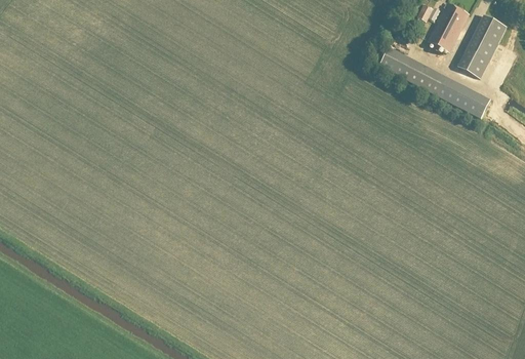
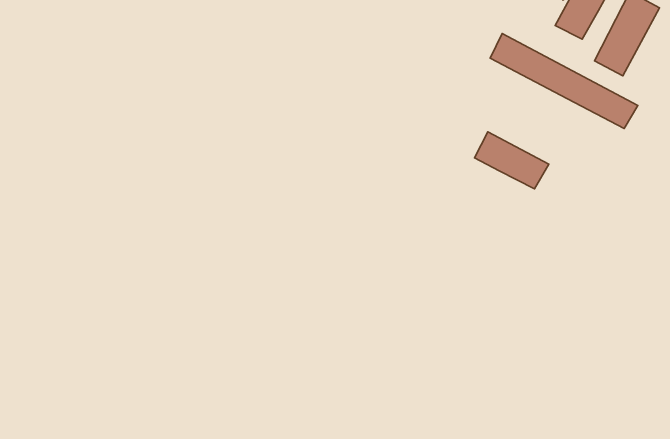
building: none -> [475,132,549,189]

